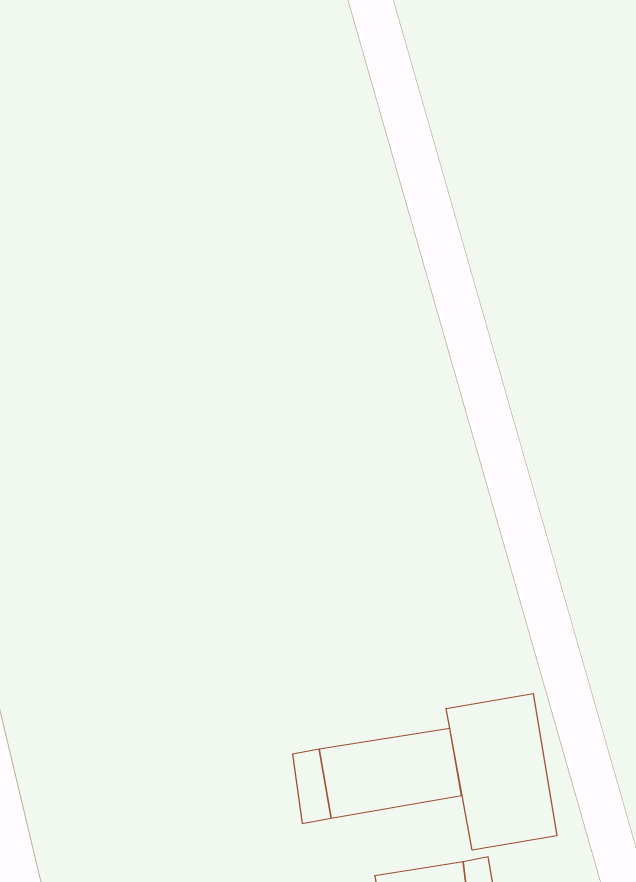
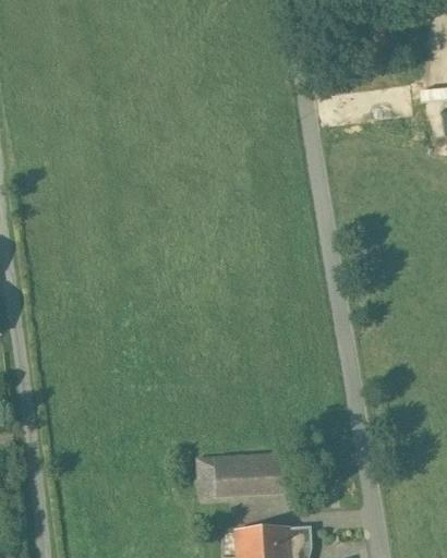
building: [446,694,557,850] -> none

